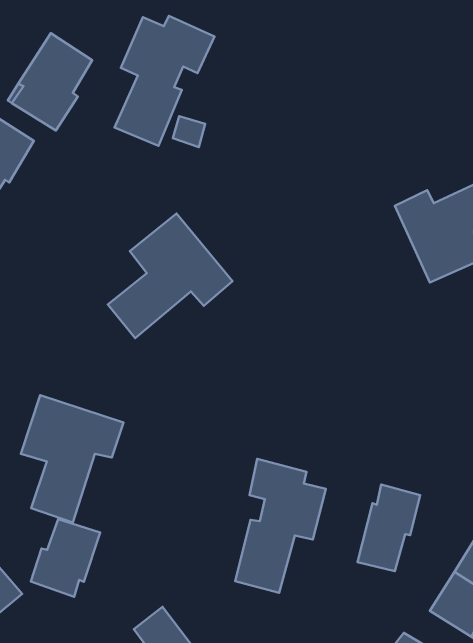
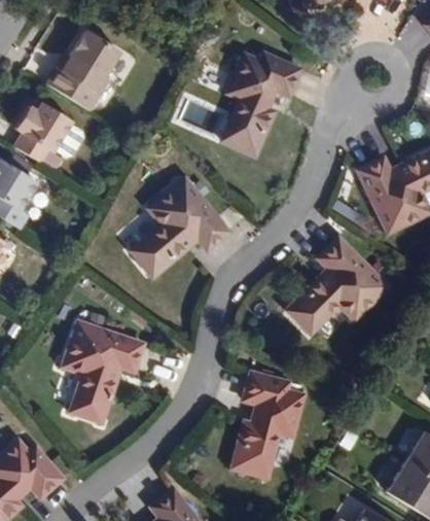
building: [114,16,214,146] -> [220,51,299,154]
building: none -> [285,237,386,333]
building: [357,484,420,571] -> none
building: [31,519,100,597] -> none

